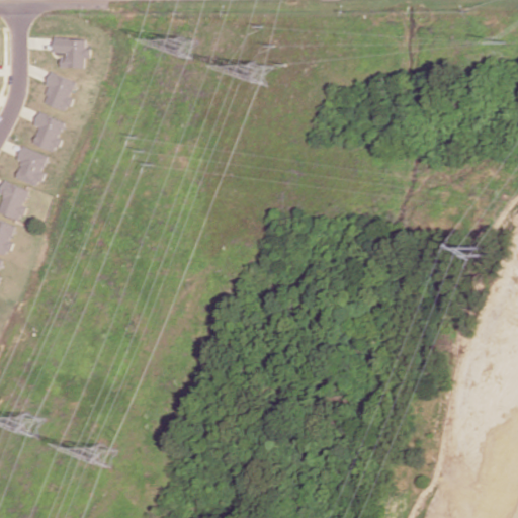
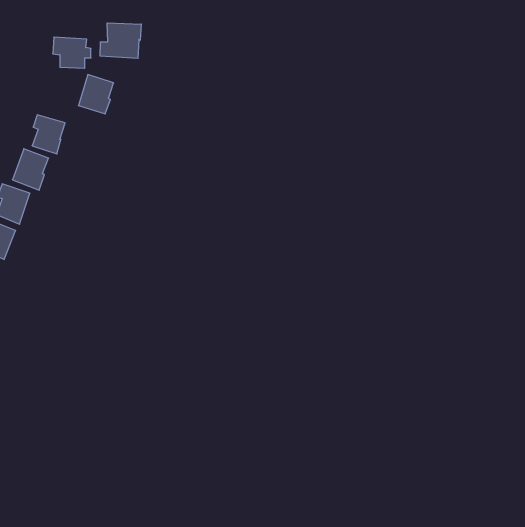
building: none -> [100,23,141,58]
building: [40,73,75,111] -> [78,75,114,114]

